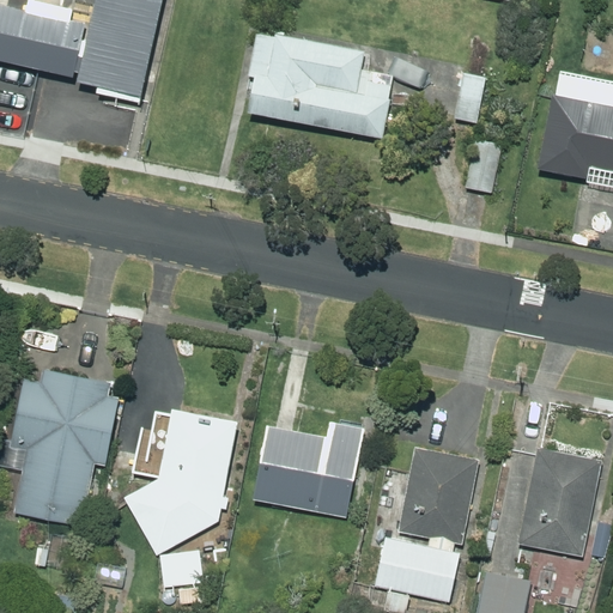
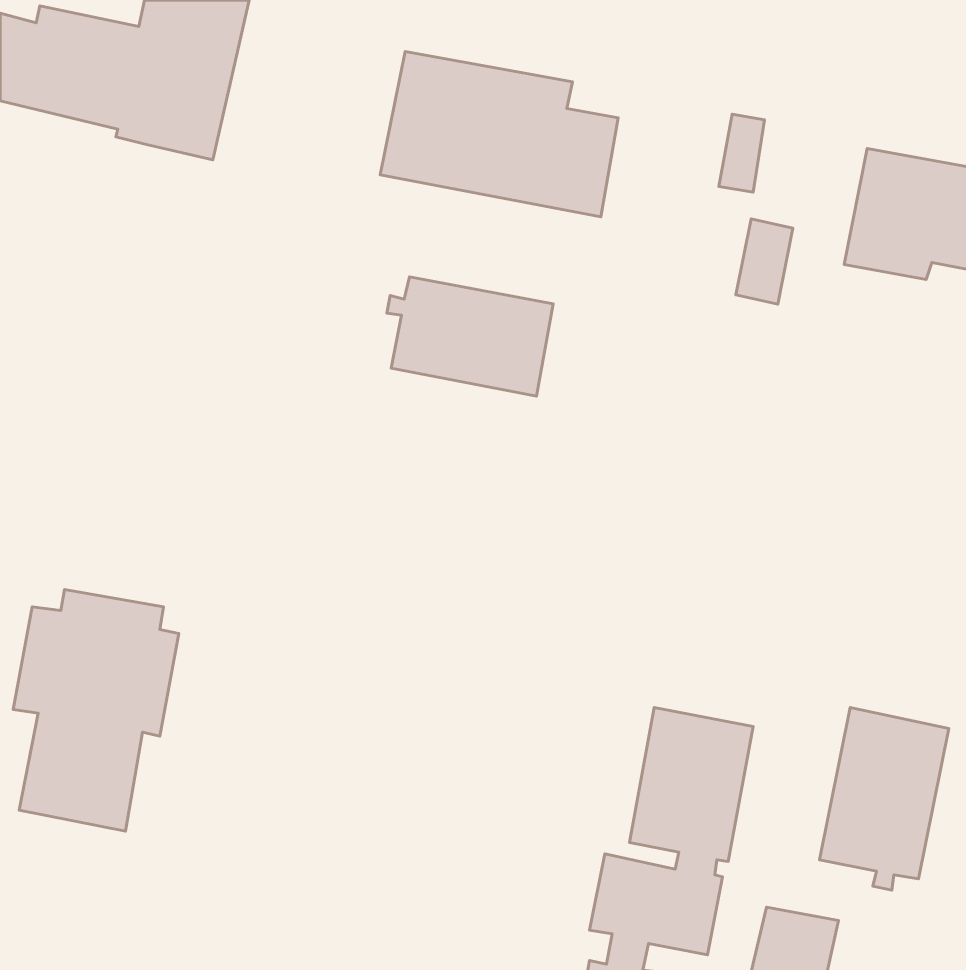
building: none -> [387,277,553,396]
building: [125,409,235,554] -> none
building: [251,421,364,516] -> none

